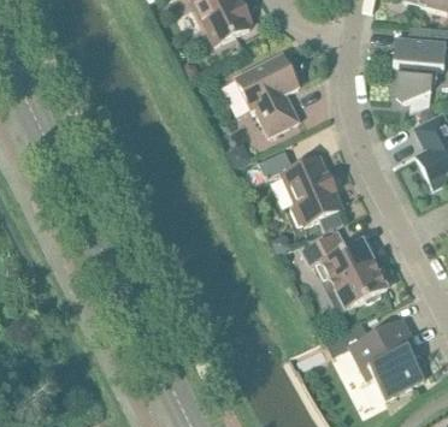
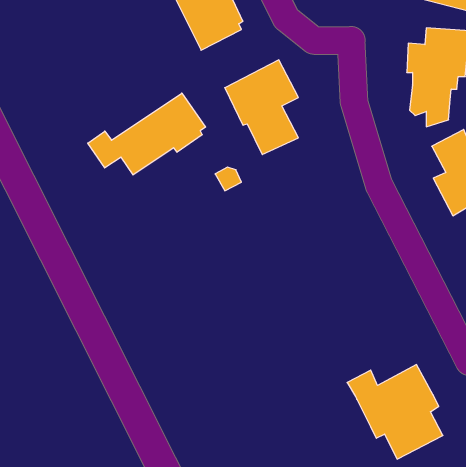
building: none -> [88,93,206,175]
building: [258,149,342,224] -> none
building: [301,231,387,308] -> none

